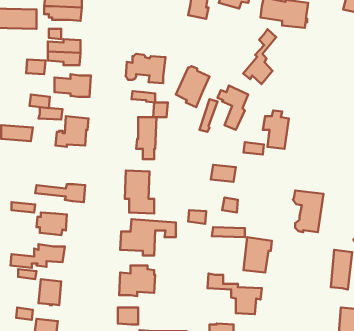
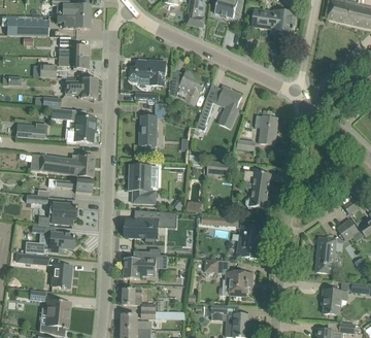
building: [243,29,276,84] -> none
building: none -> [38,154,95,175]
building: [293,190,323,232] -> [243,169,271,207]

